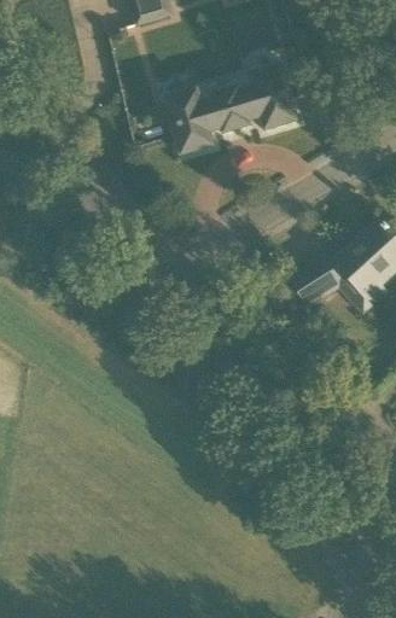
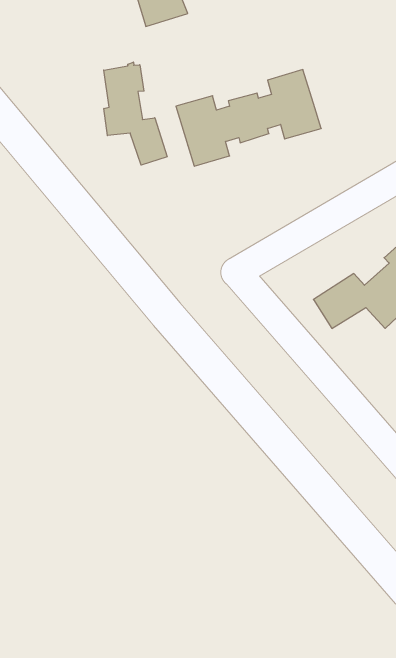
building: none -> [104,62,167,165]

